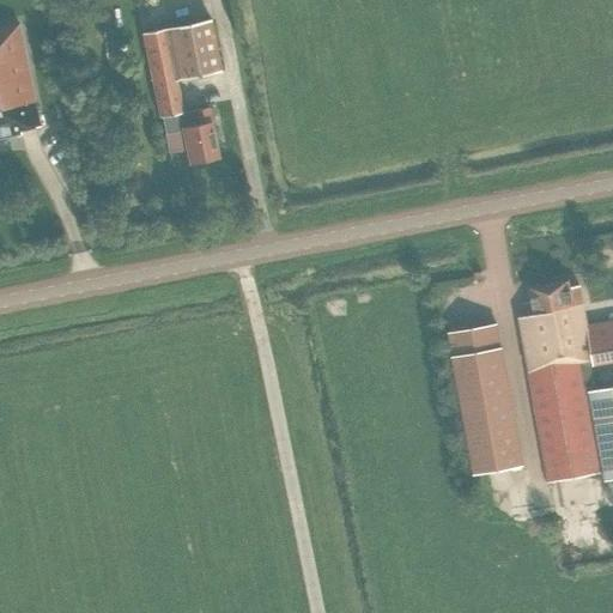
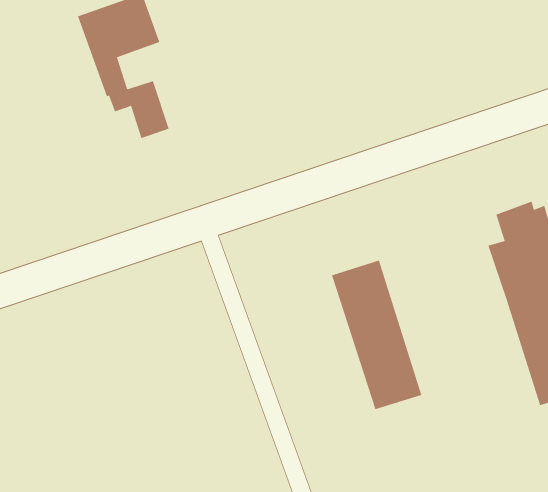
building: [447,323,521,472] -> [331,260,422,410]

